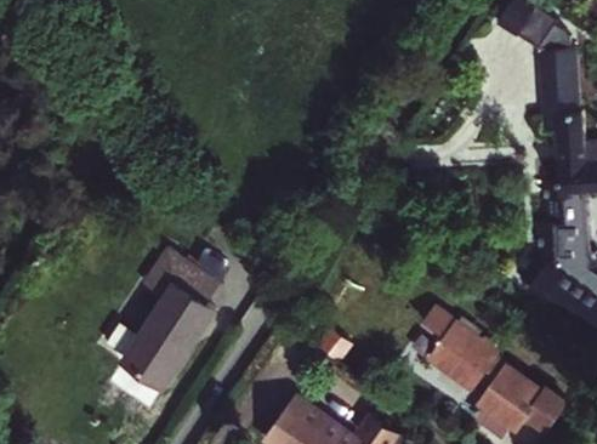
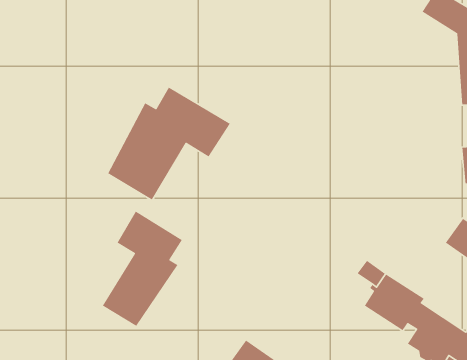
building: none -> [107,87,231,201]

